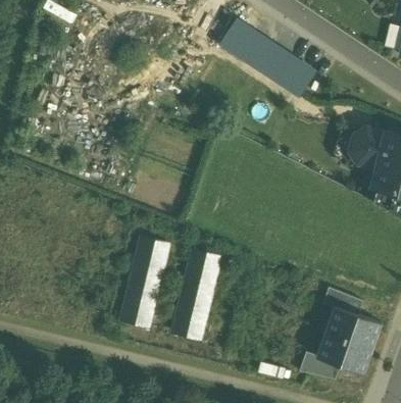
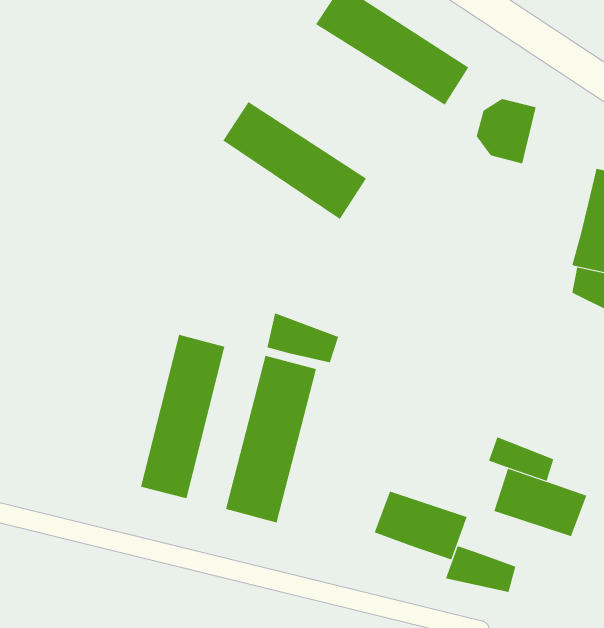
building: none -> [223,101,367,220]
building: [351,131,387,169] -> [476,98,537,164]
building: none -> [267,312,339,363]
building: [318,333,373,373] -> [374,491,467,560]

